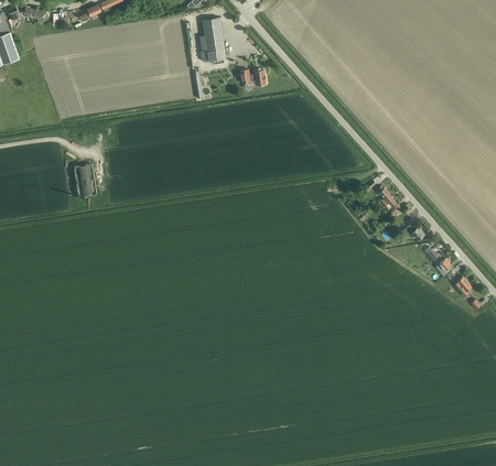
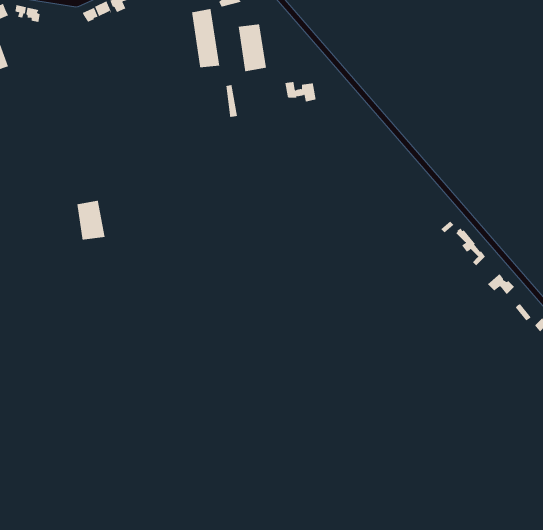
building: none -> [192,8,220,68]

